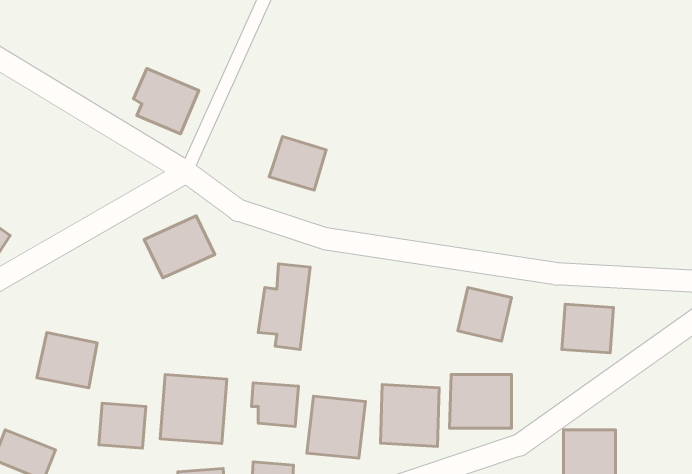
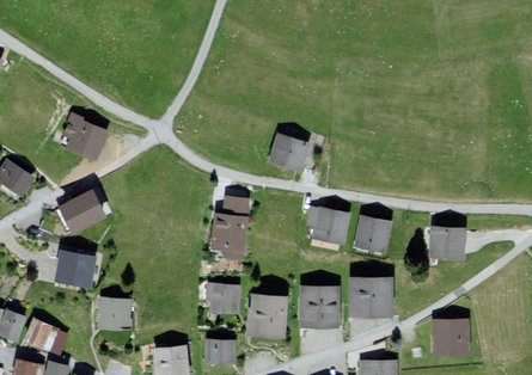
building: [133,69,199,134] -> [63,113,110,160]
building: [269,137,326,190] -> [264,129,305,167]
building: [144,216,215,278] -> [57,189,108,233]
building: none -> [307,208,349,245]
building: [160,374,227,443] -> none

